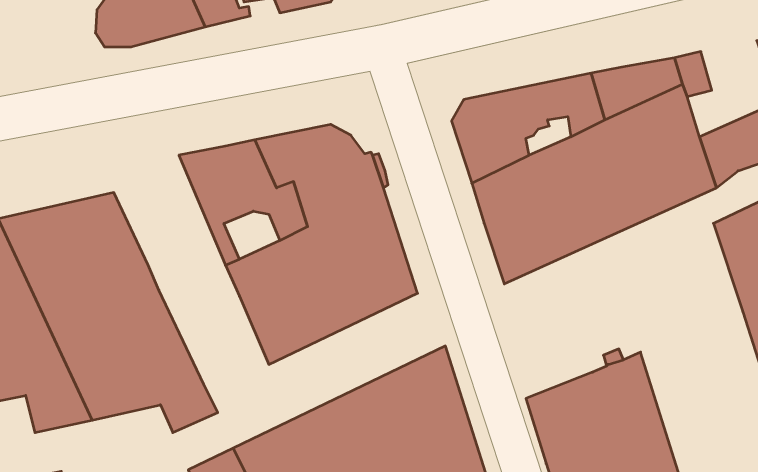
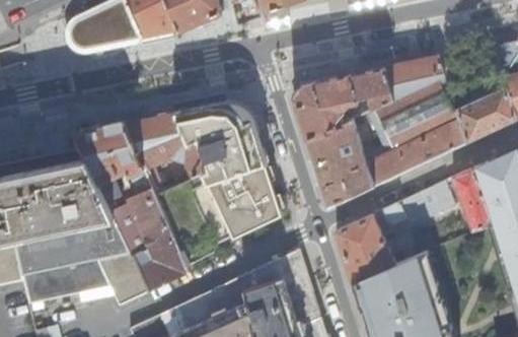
building: none -> [75,123,189,291]
building: none -> [451,167,493,232]
building: none -> [335,182,454,282]

